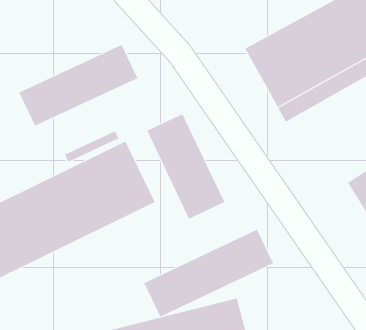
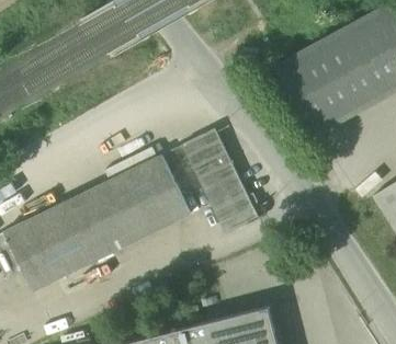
building: [19,44,138,127] -> none
building: [143,229,274,317] -> none

